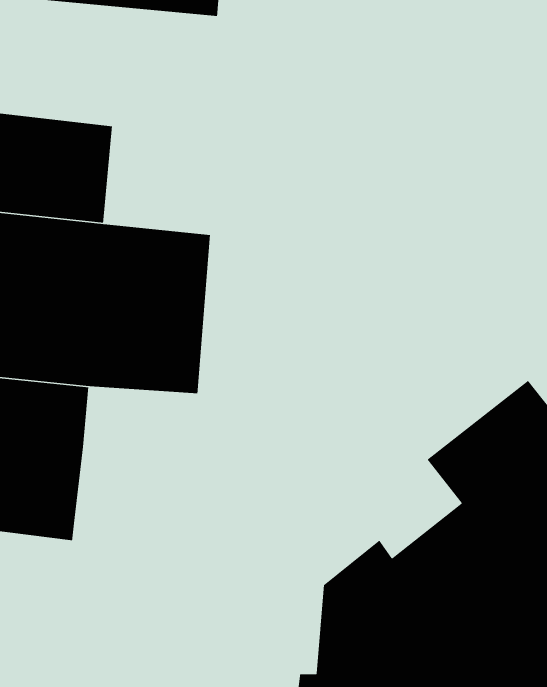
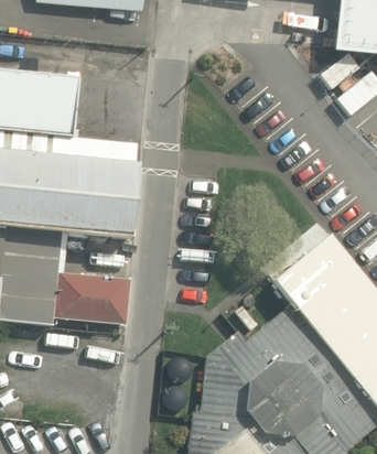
building: none -> [54,272,129,325]

